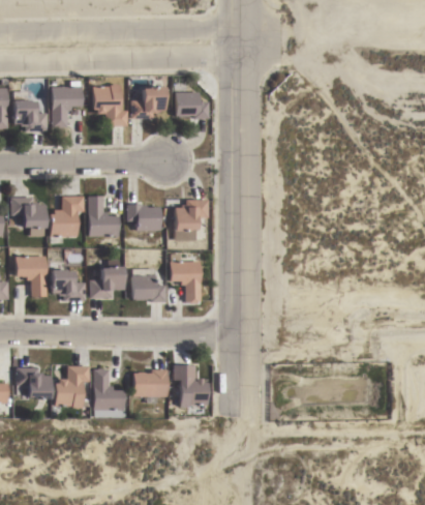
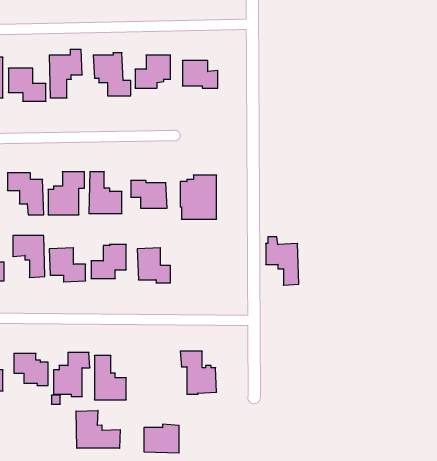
building: [170,255,201,300] -> [266,237,299,285]
building: [133,369,166,396] -> [144,424,179,453]
building: none -> [76,410,120,448]

